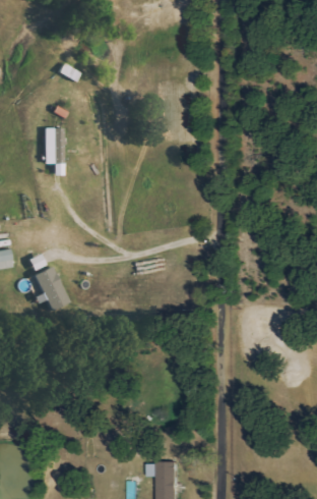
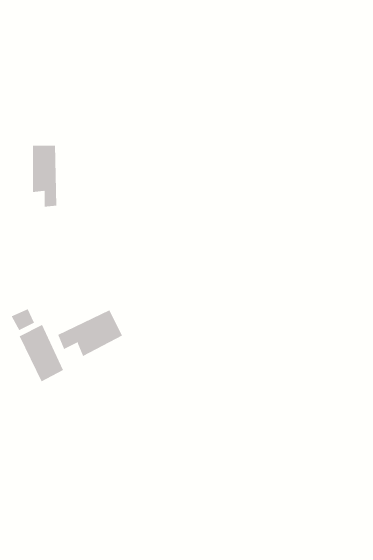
building: none -> [57,309,123,357]

